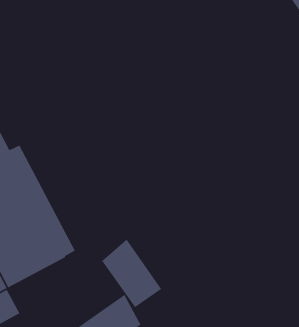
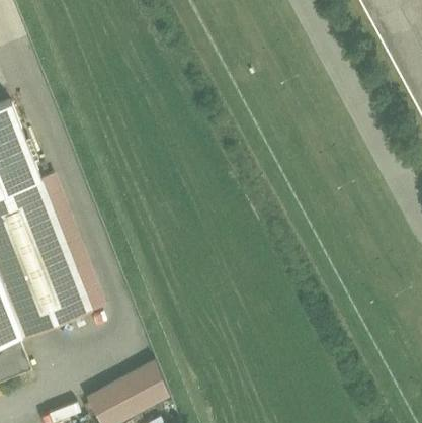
building: [101,238,162,308] -> none

